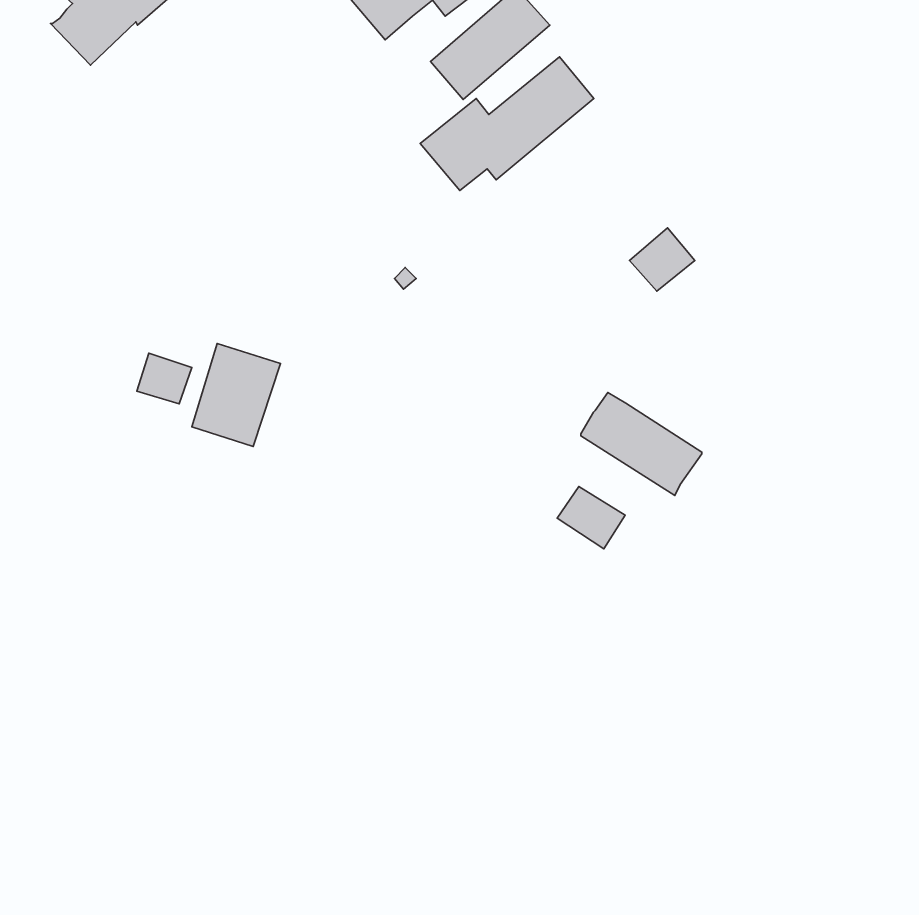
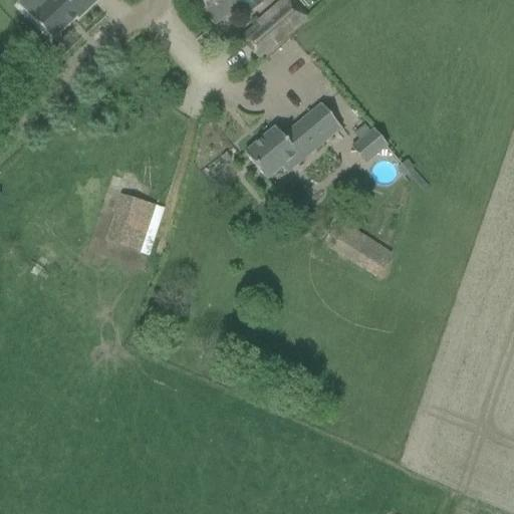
building: [420,57,594,191] -> [246,101,342,176]
building: [137,353,192,404] -> none
building: [557,487,625,549] -> none

